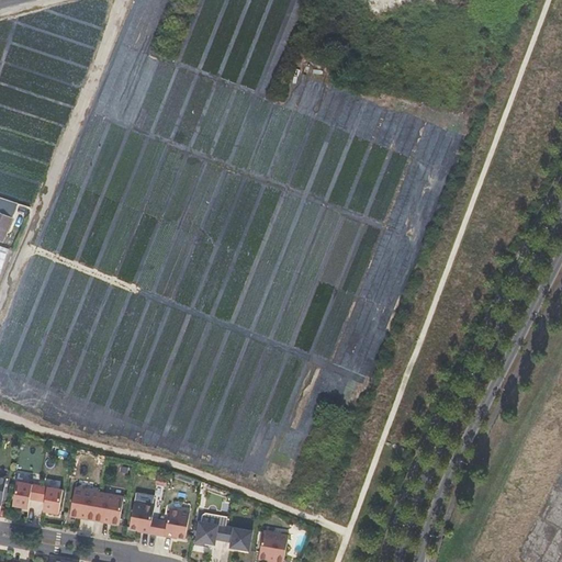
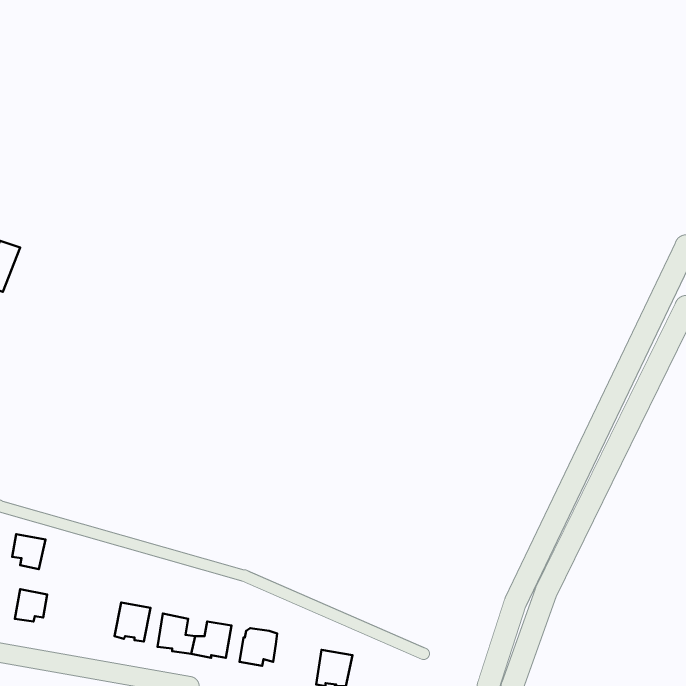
building: [35,485,63,514] -> [12,534,46,569]
building: [69,487,99,519] -> none
building: [223,526,251,550] -> none

